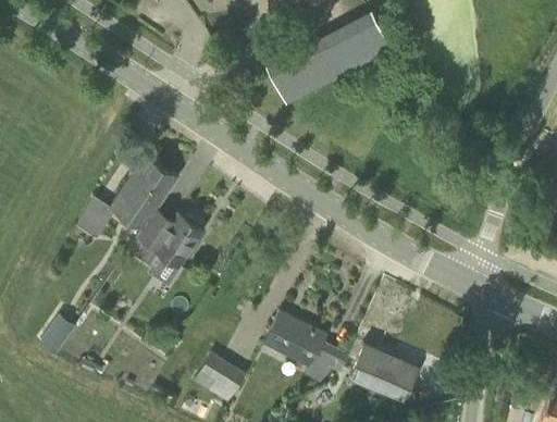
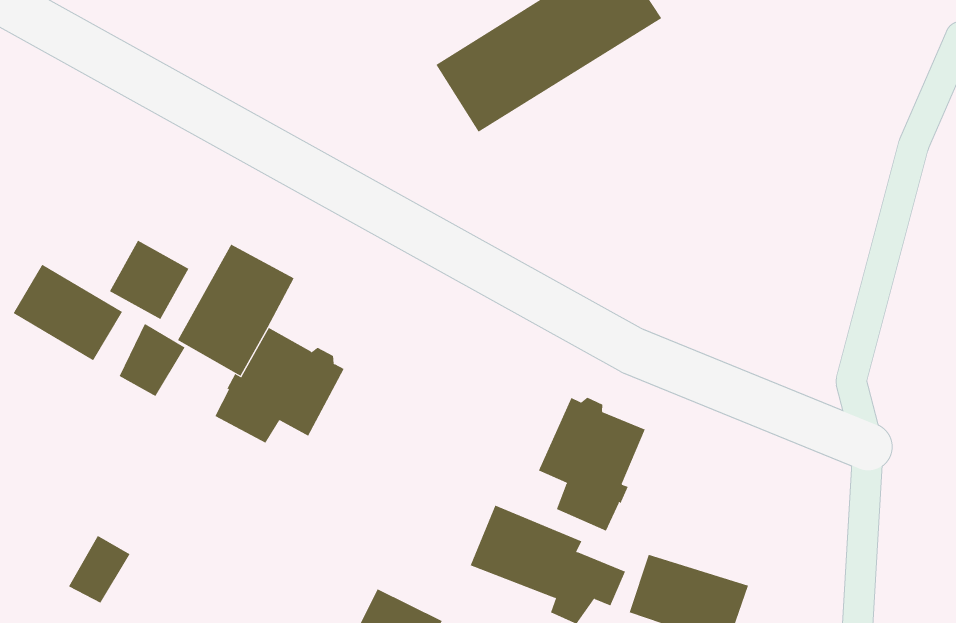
building: none -> [109,240,189,320]
building: none -> [13,264,123,361]
building: none -> [538,397,645,531]

